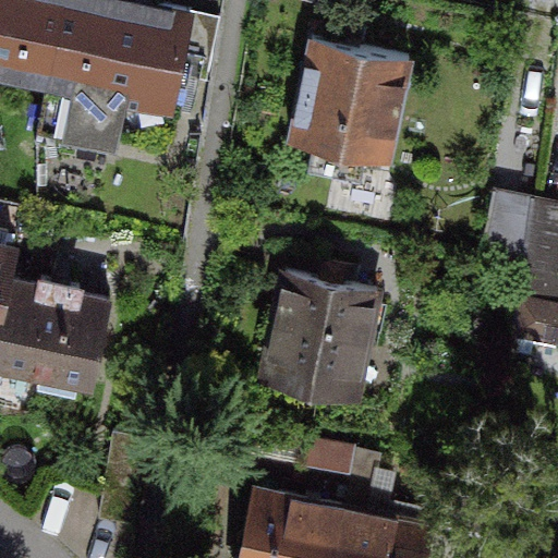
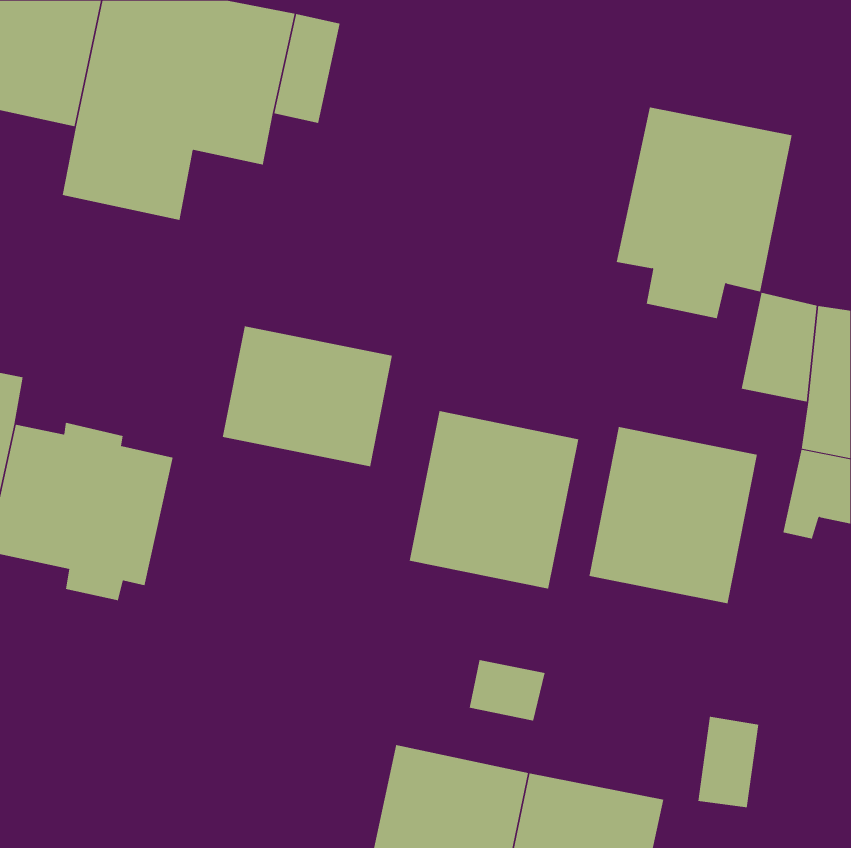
building: [294,41,410,180] -> [616,107,793,319]
building: none -> [222,326,393,467]
building: none -> [589,426,757,604]

